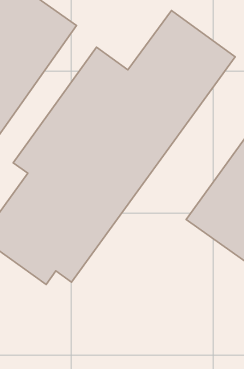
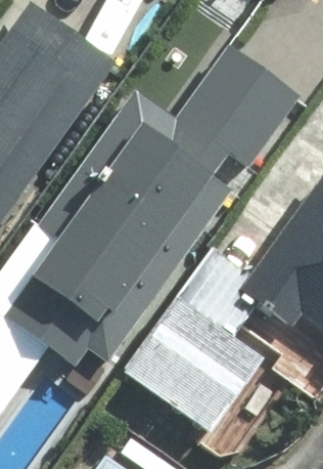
building: none -> [123,297,264,434]

